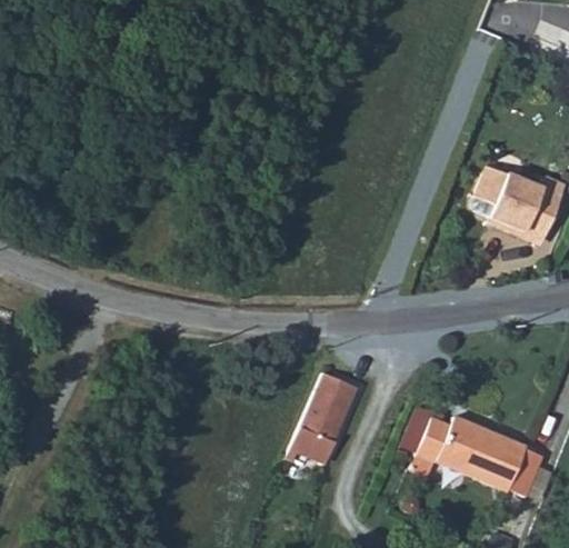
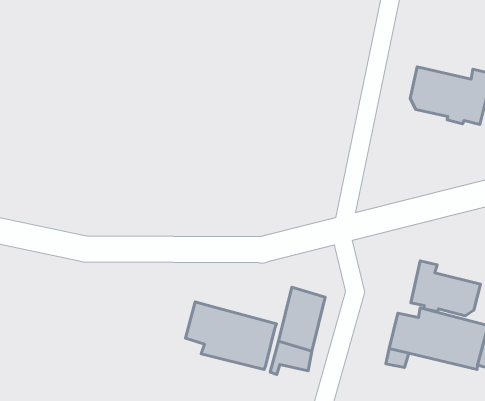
building: none -> [411,261,480,316]
building: none -> [185,302,277,369]

